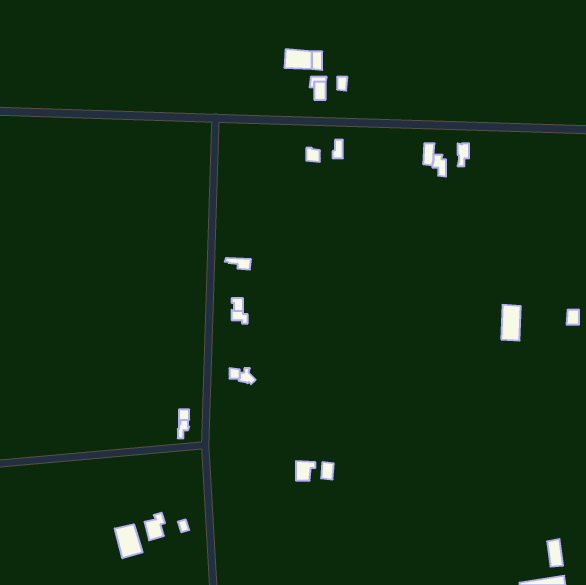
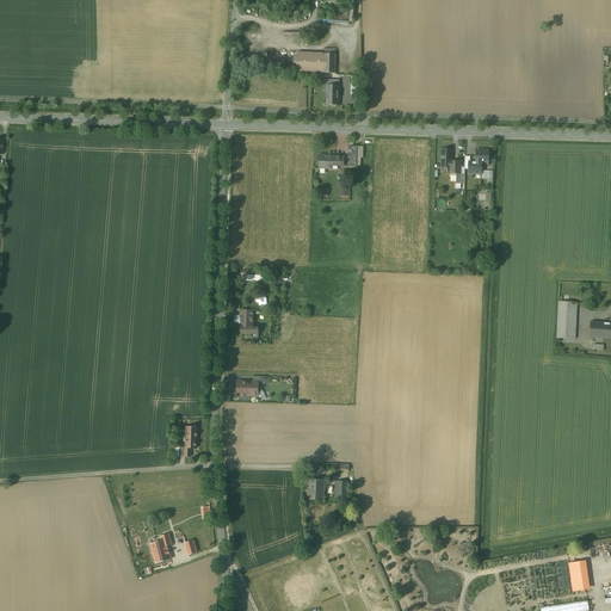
building: [501,305,521,341] -> [557,301,578,338]
building: [115,524,143,558] -> none

